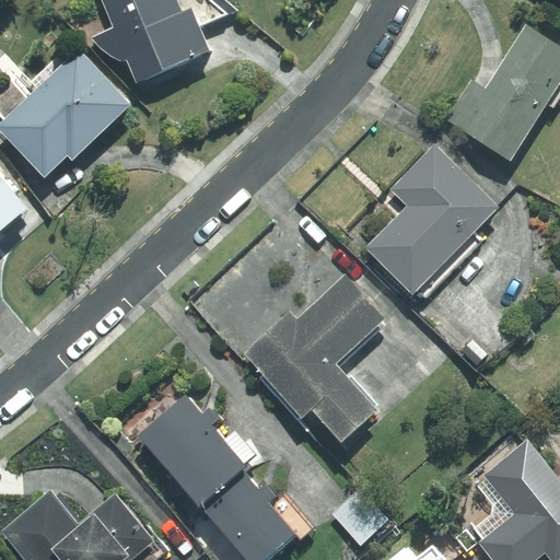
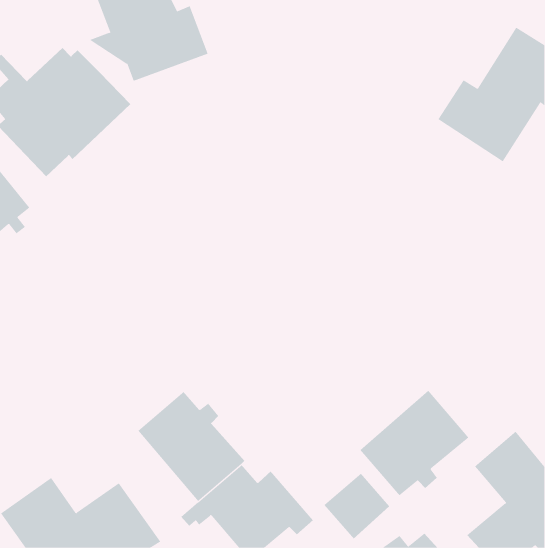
building: [363,143,500,298] -> none
building: [242,275,387,446] -> none
building: none -> [359,390,469,496]

